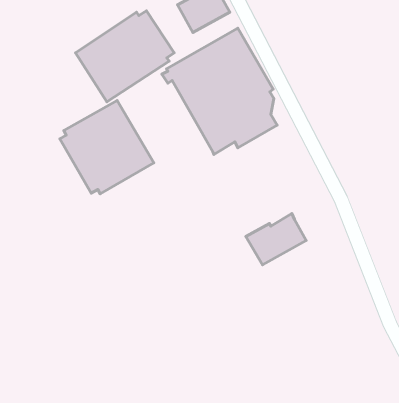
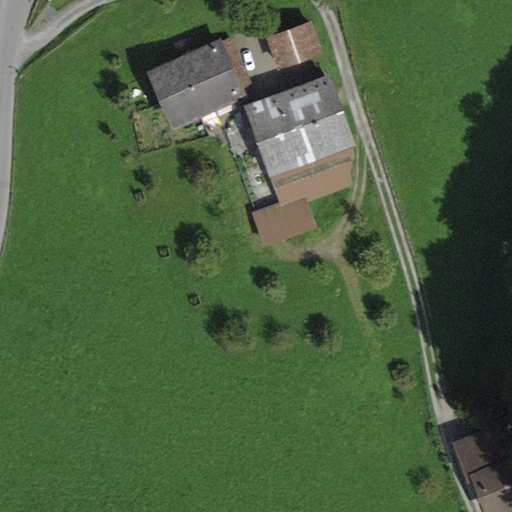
building: [60,100,154,194] -> none
building: [246,214,306,265] -> [251,197,316,248]

